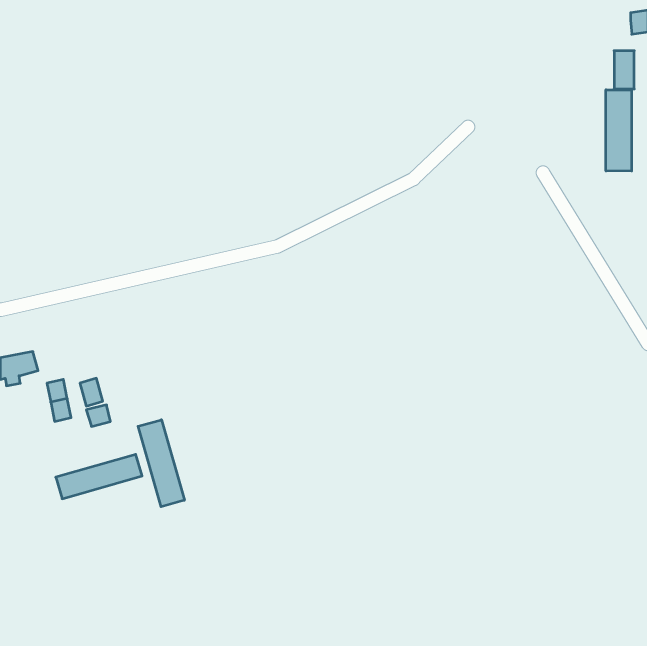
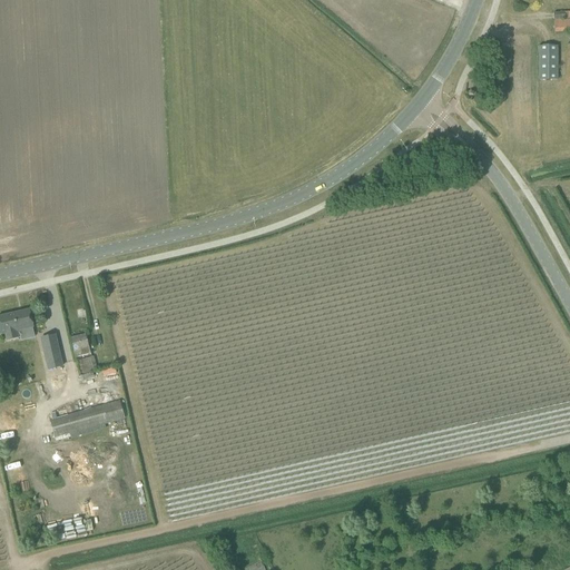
building: [606,90,632,171] -> none
building: [138,420,184,507] -> none

